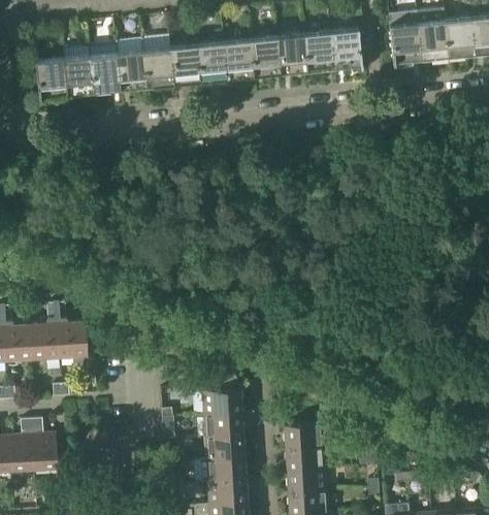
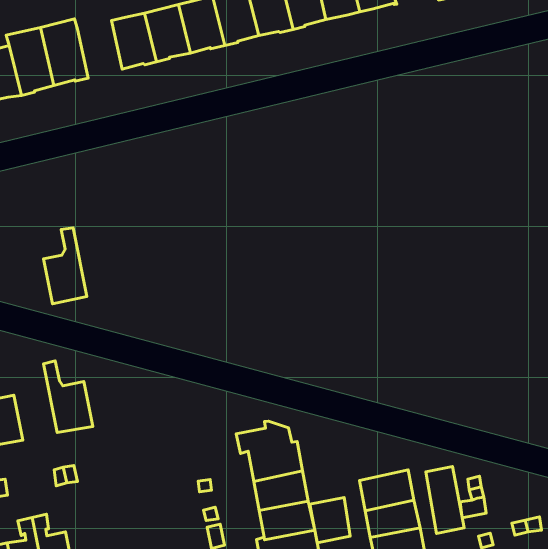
building: [116,38,146,91] -> none
building: [30,303,59,359] -> [44,228,87,304]
building: none -> [426,466,464,534]
building: none -> [310,497,350,543]

